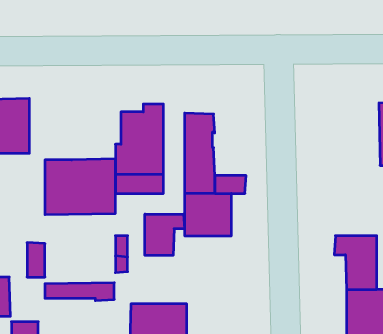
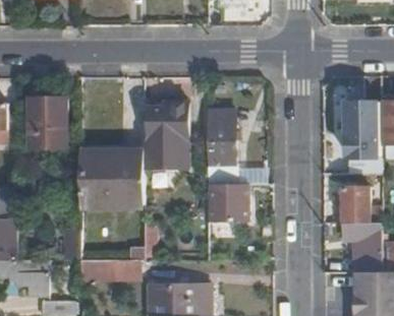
building: none -> [346,101,380,159]
building: none -> [341,185,381,222]
building: [145,214,185,255] -> none

